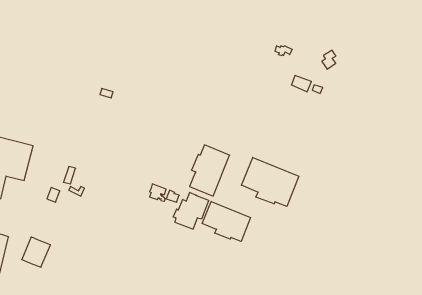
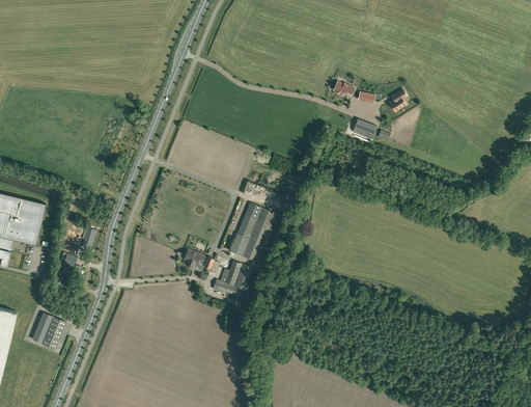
building: [241,157,299,206] -> none
building: [202,201,251,241] -> none

